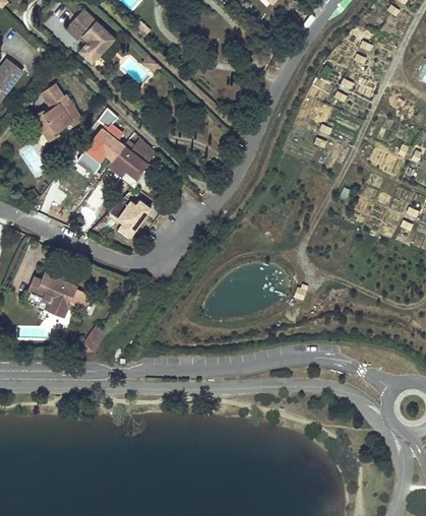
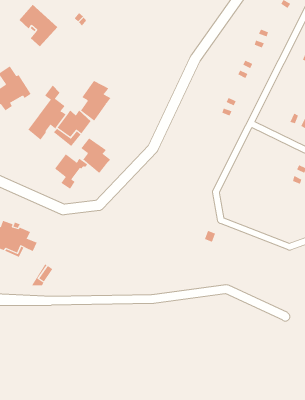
building: none -> [80,80,111,121]
building: none -> [81,138,111,174]

